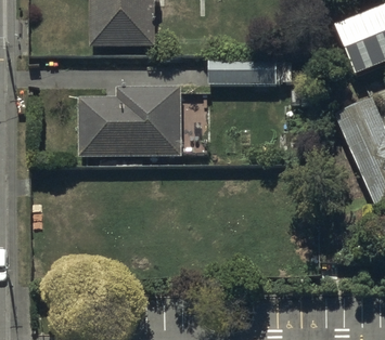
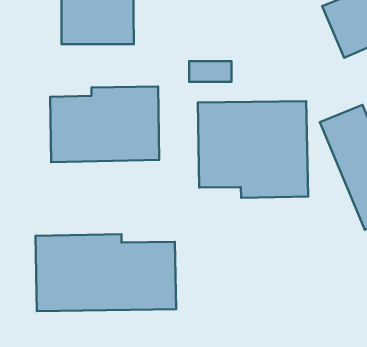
building: none -> [198,101,308,198]
building: none -> [35,234,176,311]

